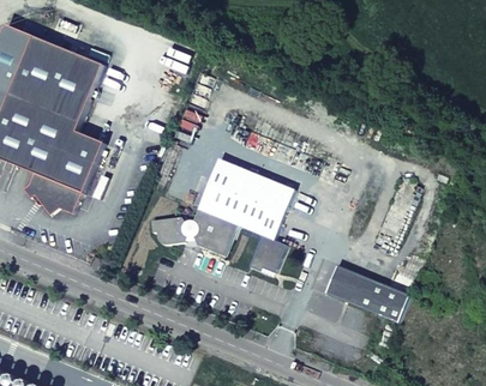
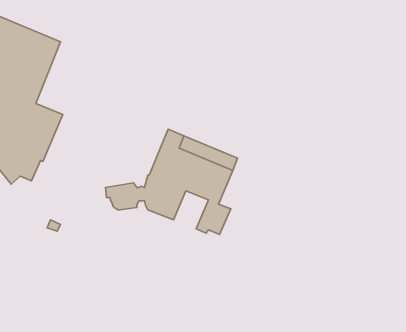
building: [323,265,407,322] -> none

